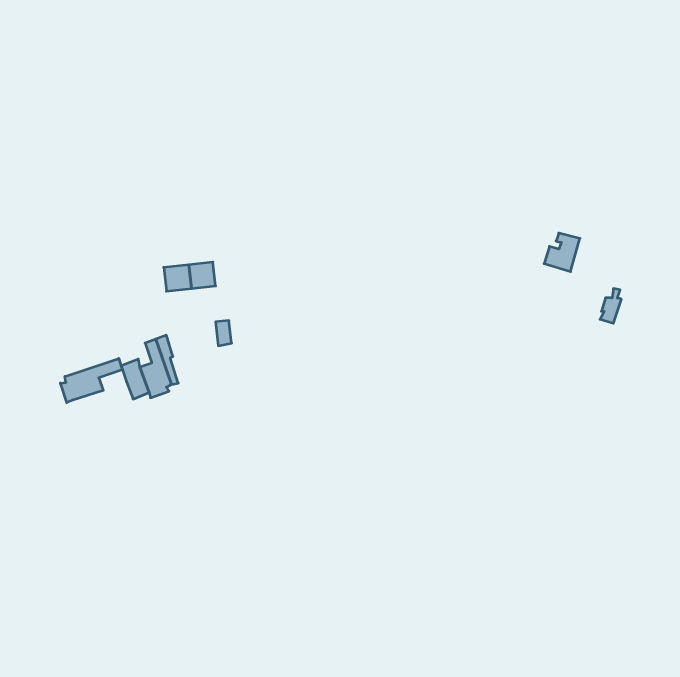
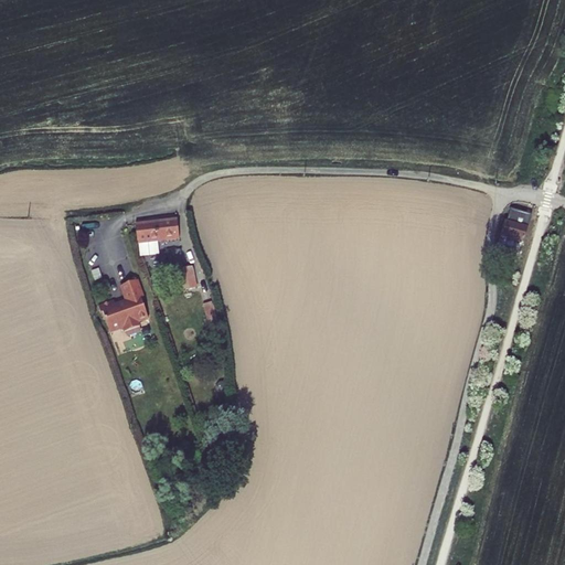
building: [544,233,580,272] -> [501,209,531,241]
building: [60,358,122,403] -> none

